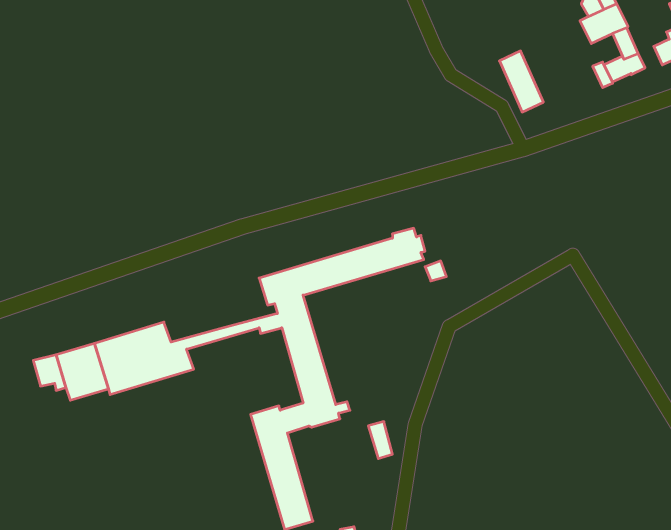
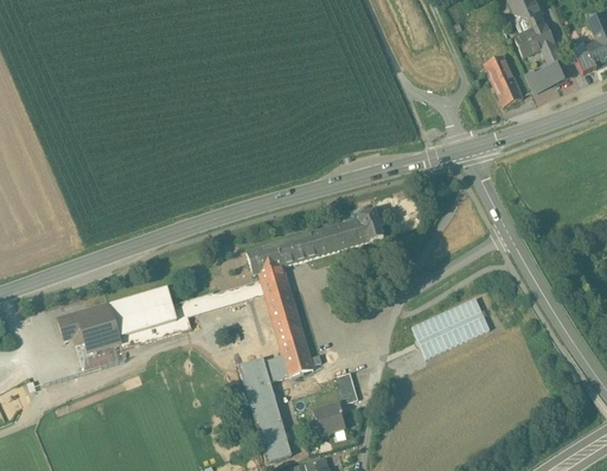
building: [499,51,543,112] -> [484,53,520,104]
building: none -> [413,295,491,355]
building: none -> [312,402,344,431]

